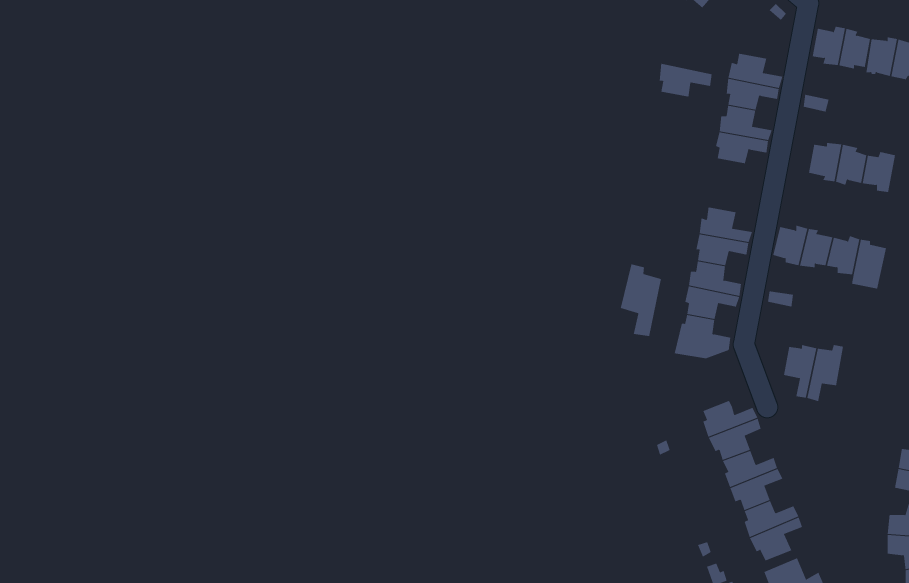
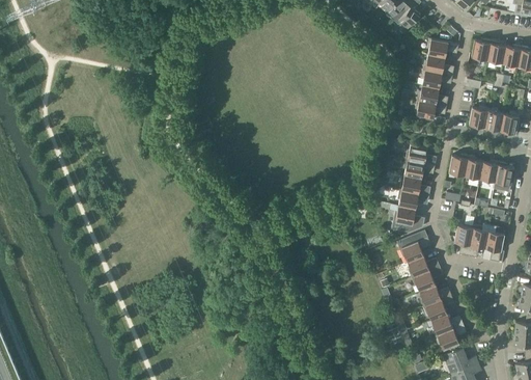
building: [659,63,713,97] -> [427,38,458,58]
building: [620,264,661,337] -> none
building: none -> [485,225,505,262]
building: none -> [397,230,430,263]

